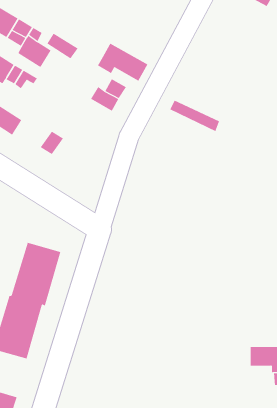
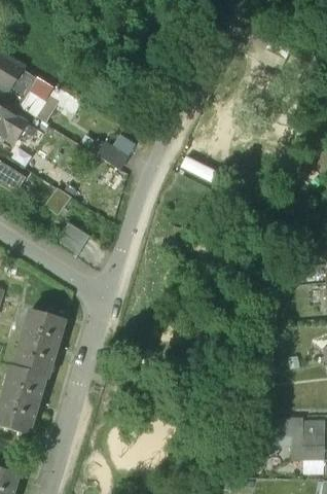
building: [97,43,148,81] -> none
building: none -> [56,222,88,256]

